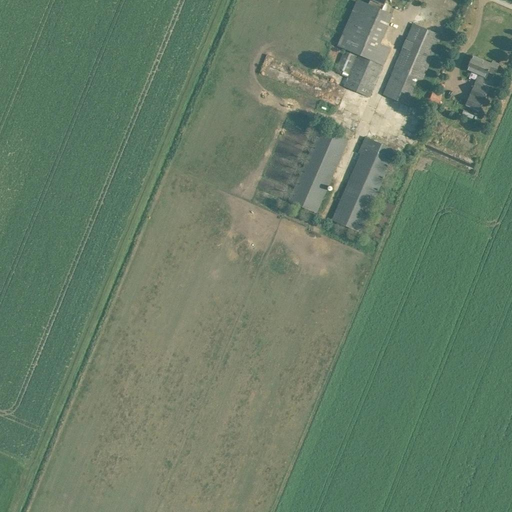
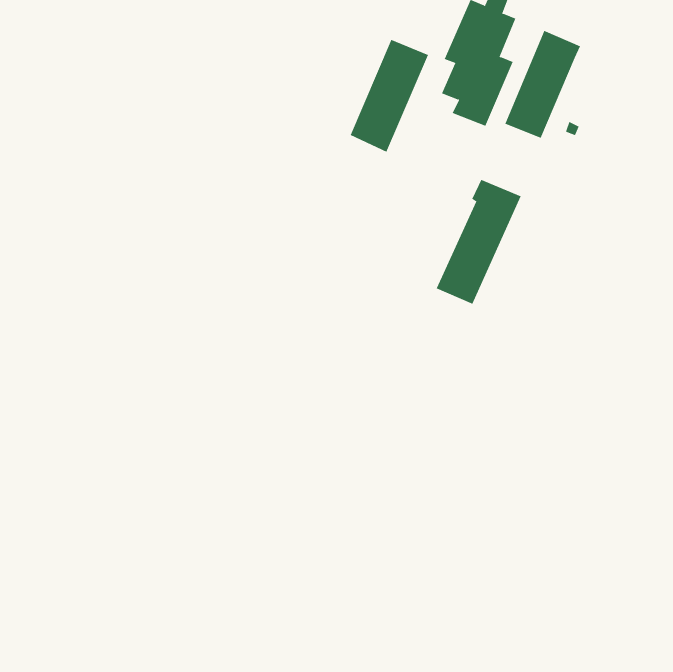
building: [465,55,499,110] -> none
building: [288,127,348,213] -> [350,39,429,152]

